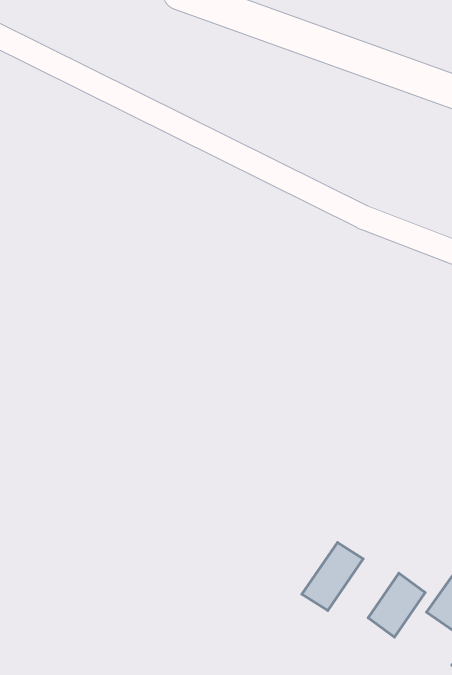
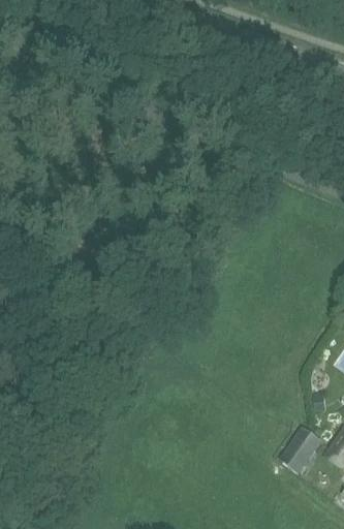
building: [302,542,363,611] -> none

